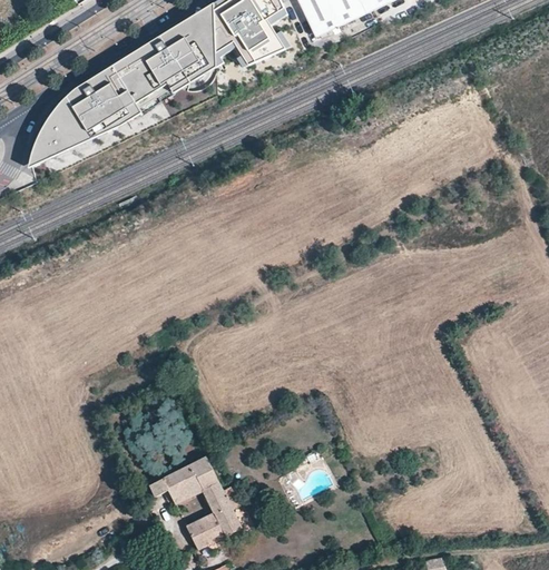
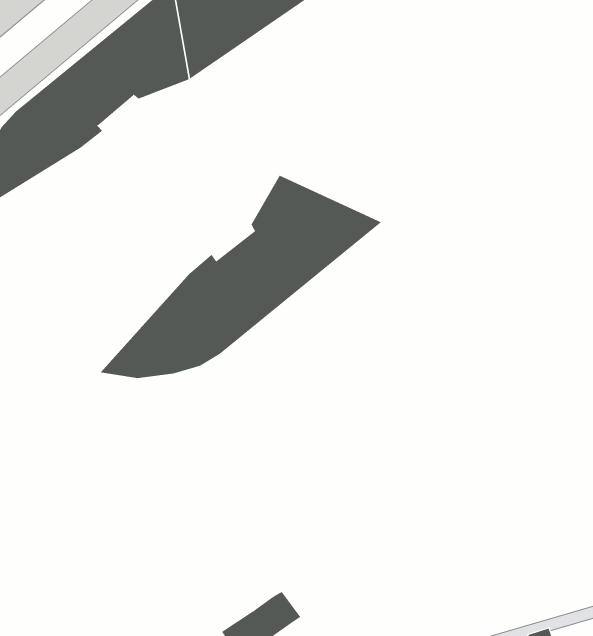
building: none -> [100,175,382,379]
building: [146,450,233,507] -> none

